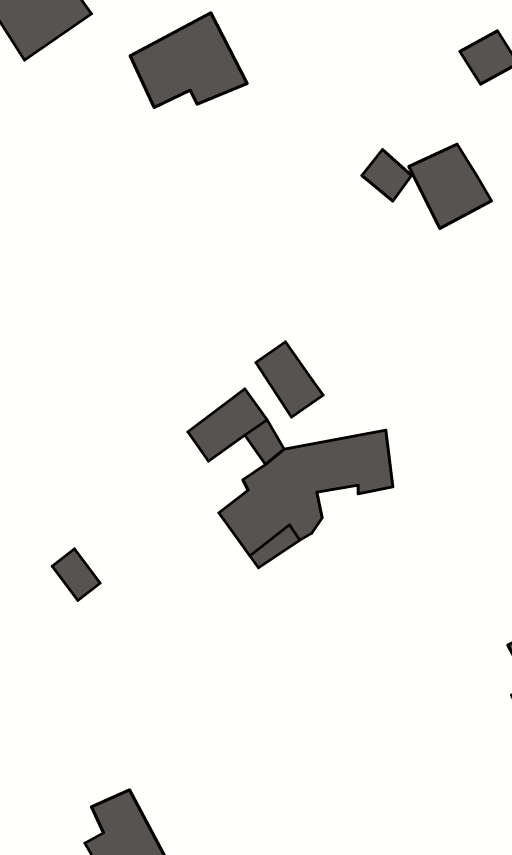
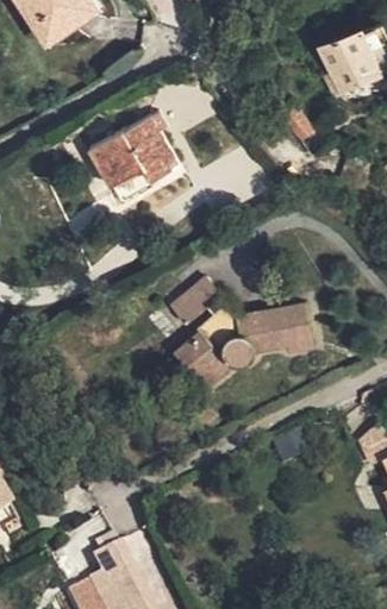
building: [130,13,247,107] -> [92,125,173,190]
building: [409,144,491,228] -> [317,39,374,98]
building: [256,342,323,417] -> none

